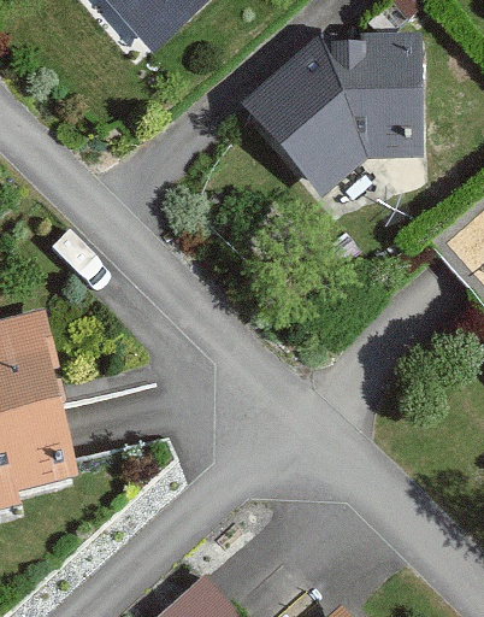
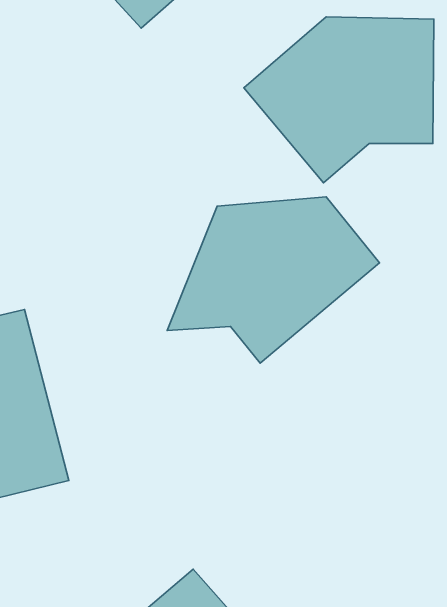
building: none -> [167,197,379,363]

